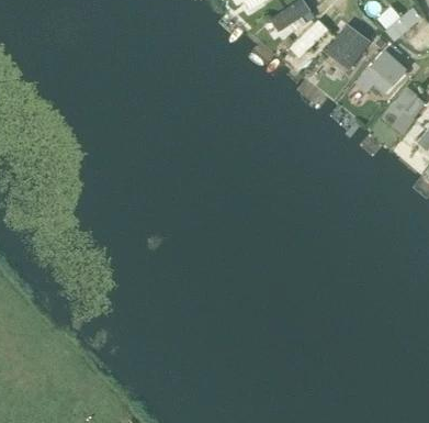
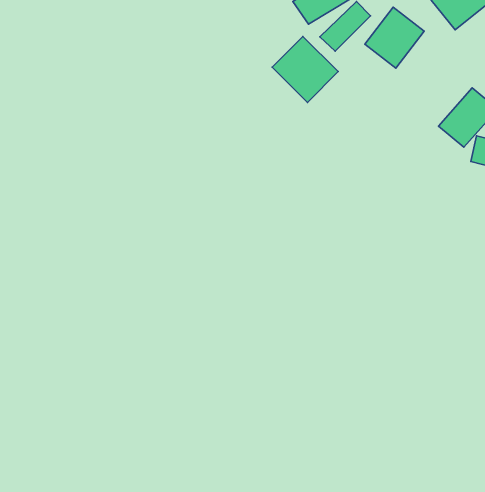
building: none -> [272,36,338,102]
building: [354,49,408,96] -> none

